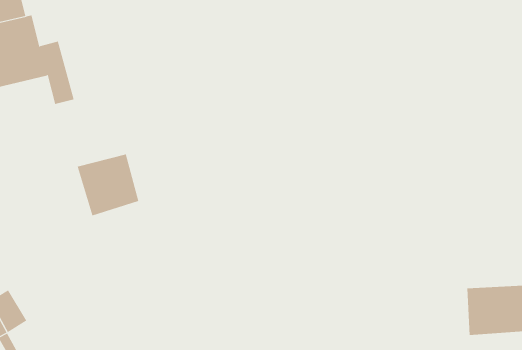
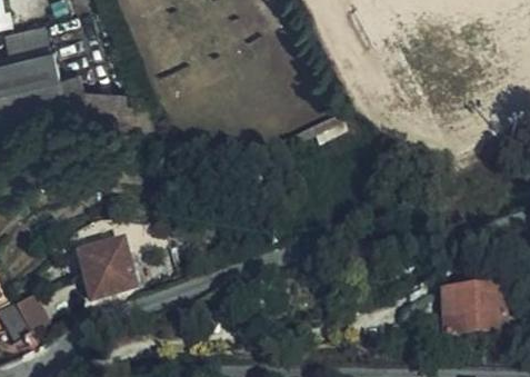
building: [77,154,139,216] -> [73,238,129,294]

